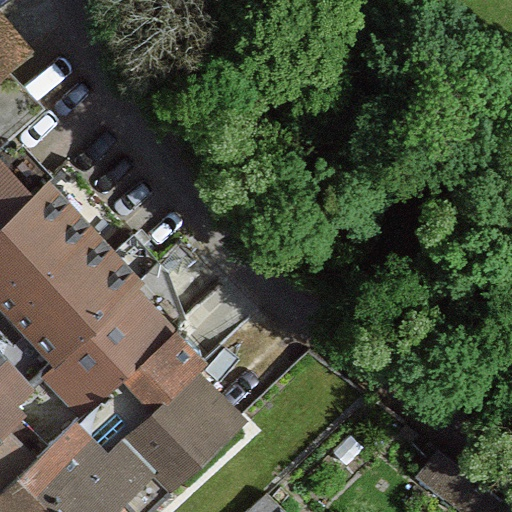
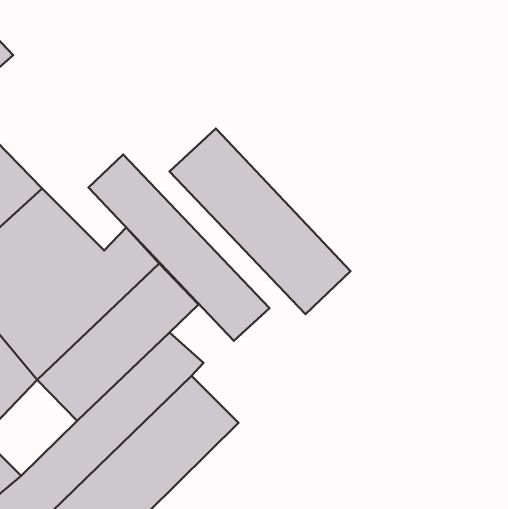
building: none -> [170,129,351,314]
building: none -> [89,154,270,341]

